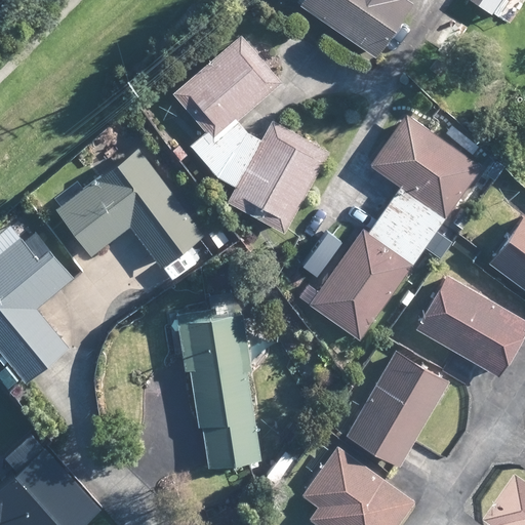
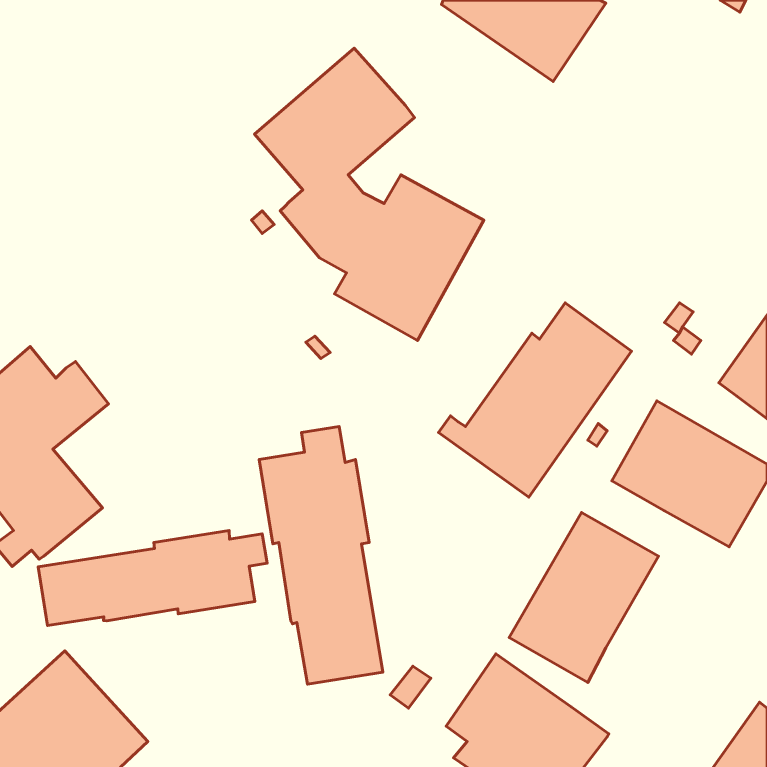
building: [370,114,481,241] -> none
building: [57,149,204,267] -> none
building: none -> [38,531,267,625]

